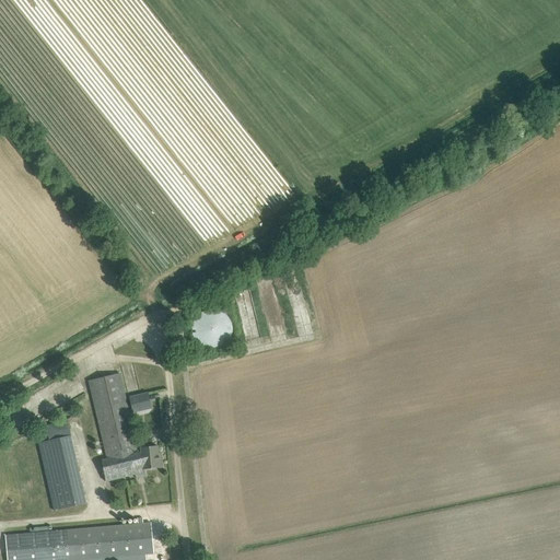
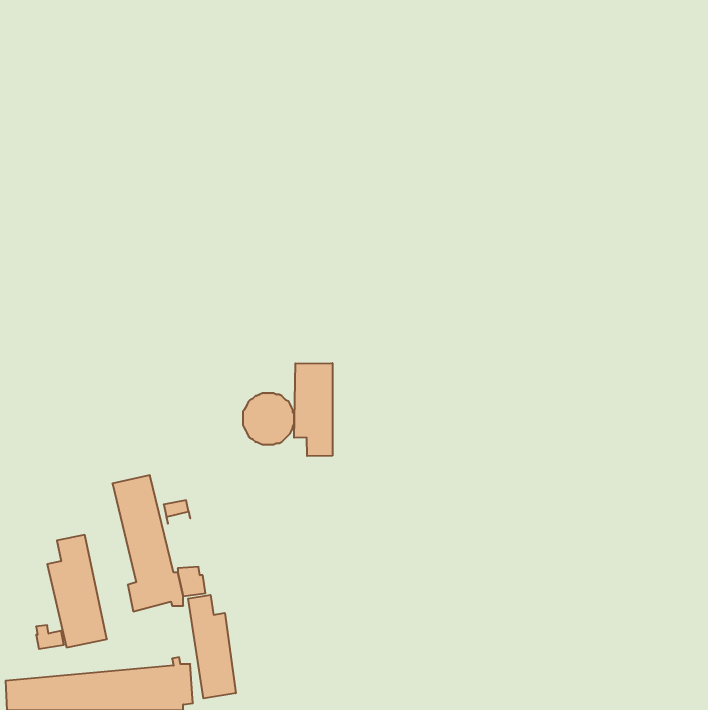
building: none -> [294,363,332,456]
building: none -> [188,595,236,698]

